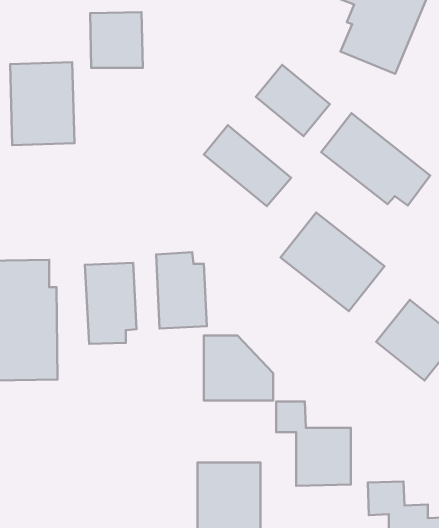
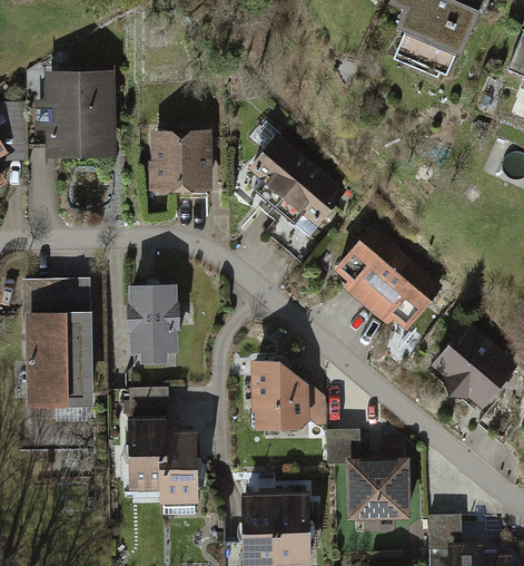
building: [90,12,143,68] -> [150,131,206,191]
building: [256,65,330,136] -> none
building: [321,113,430,205] -> none
building: [156,252,207,329] -> none
building: none -> [127,391,200,504]

